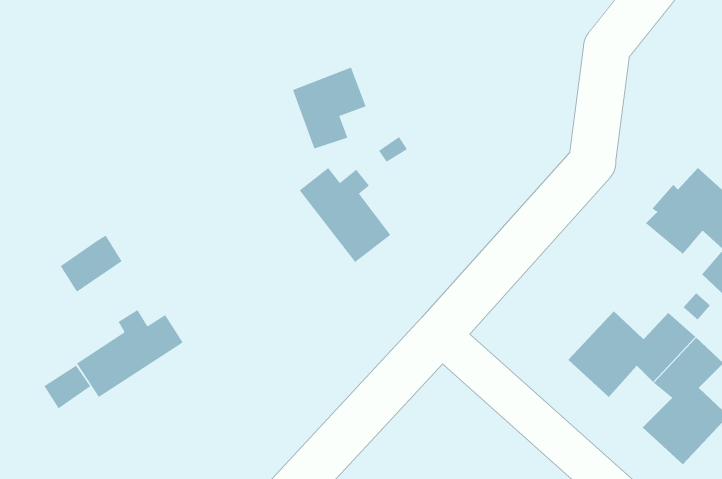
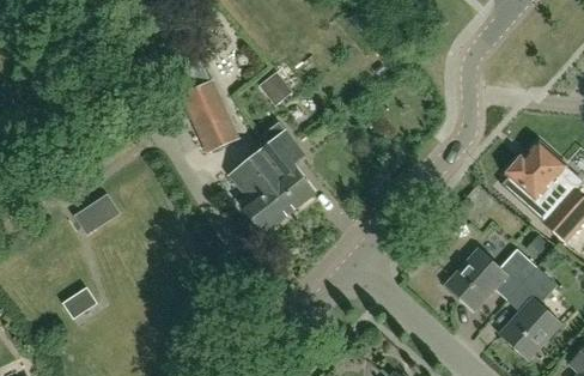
building: none -> [183,80,237,150]
building: none -> [230,159,290,232]
building: [76,309,183,398] -> none

